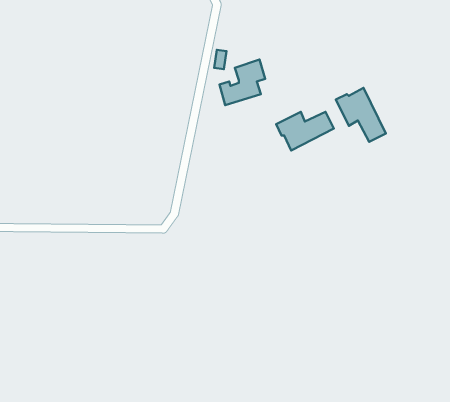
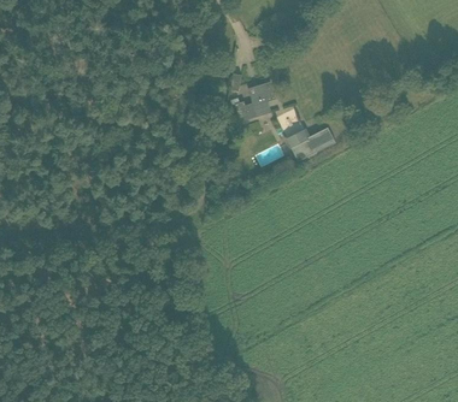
building: [336,88,386,142] -> none

